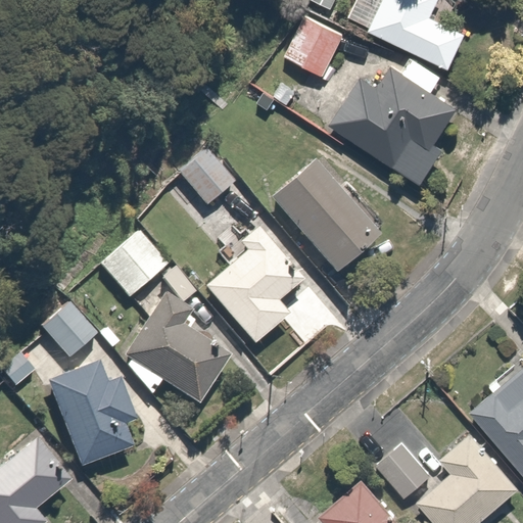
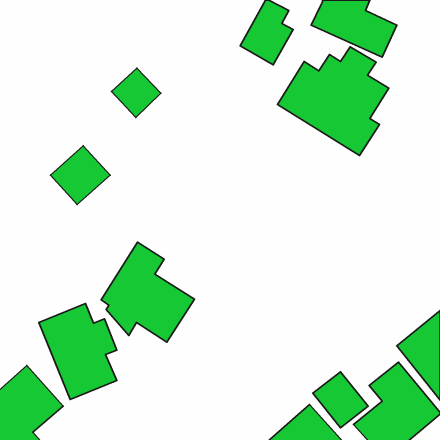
building: [175,147,233,205] -> [112,68,161,117]
building: [266,151,385,272] -> none
building: [202,228,304,344] -> none
building: [98,231,169,300] -> [50,146,110,205]
building: [41,301,99,362] -> none

